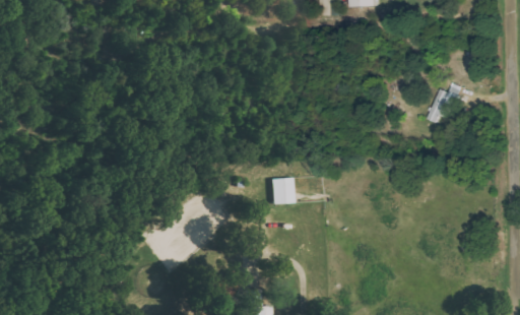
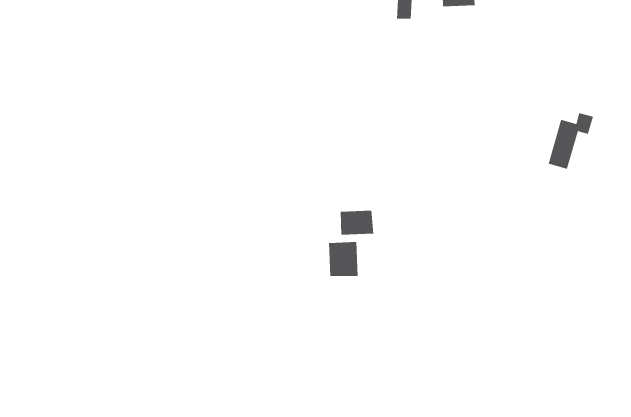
building: none -> [340,210,374,235]

